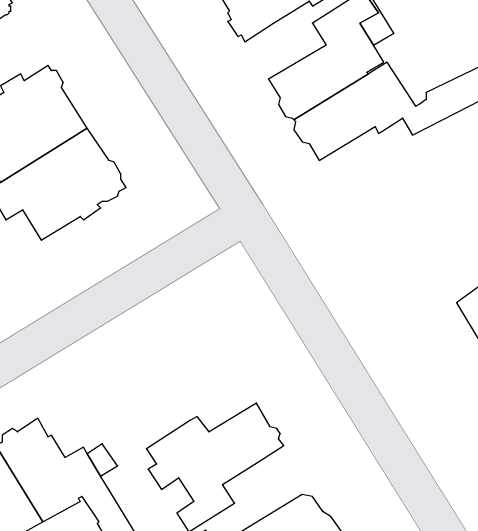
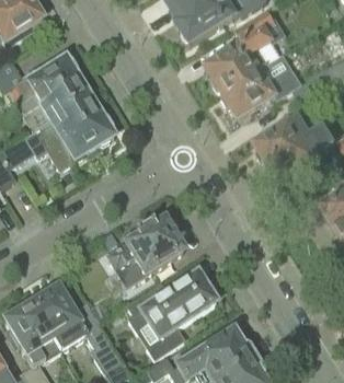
building: none -> [255,114,335,175]
building: none -> [108,217,184,281]

